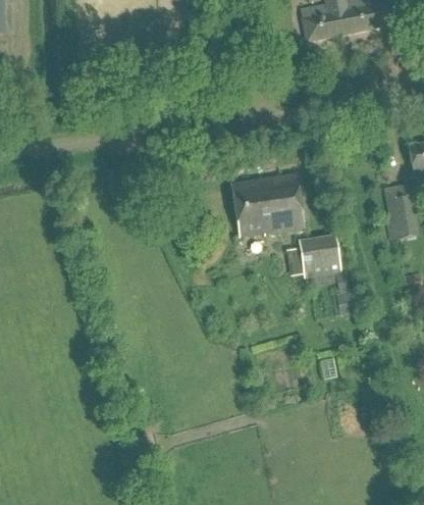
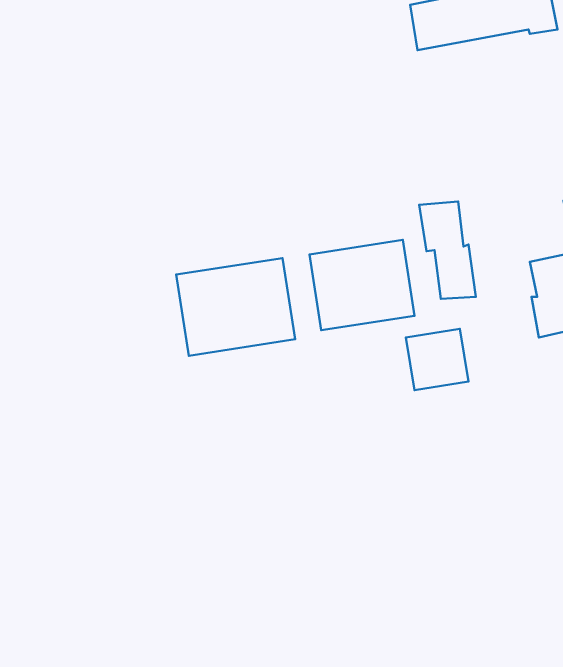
building: none -> [419,201,476,299]
building: none -> [176,258,295,356]

